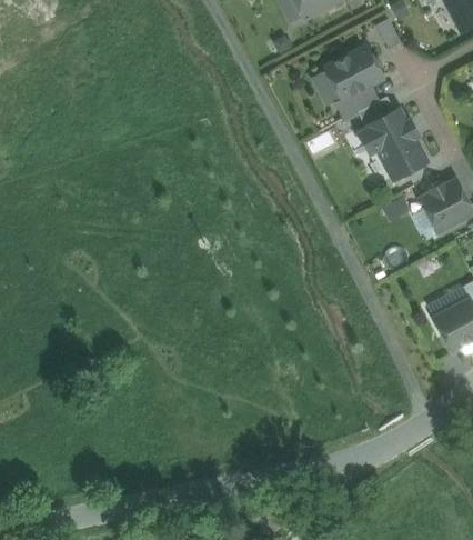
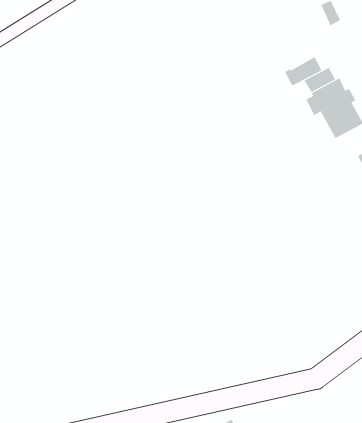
building: [324,47,381,100] -> none

